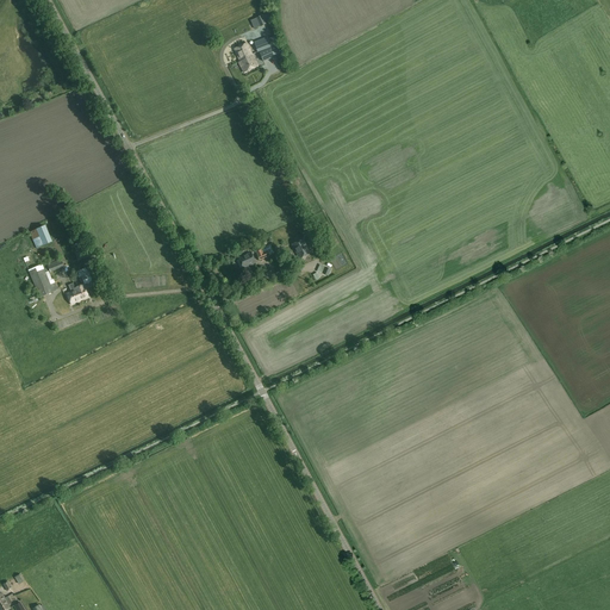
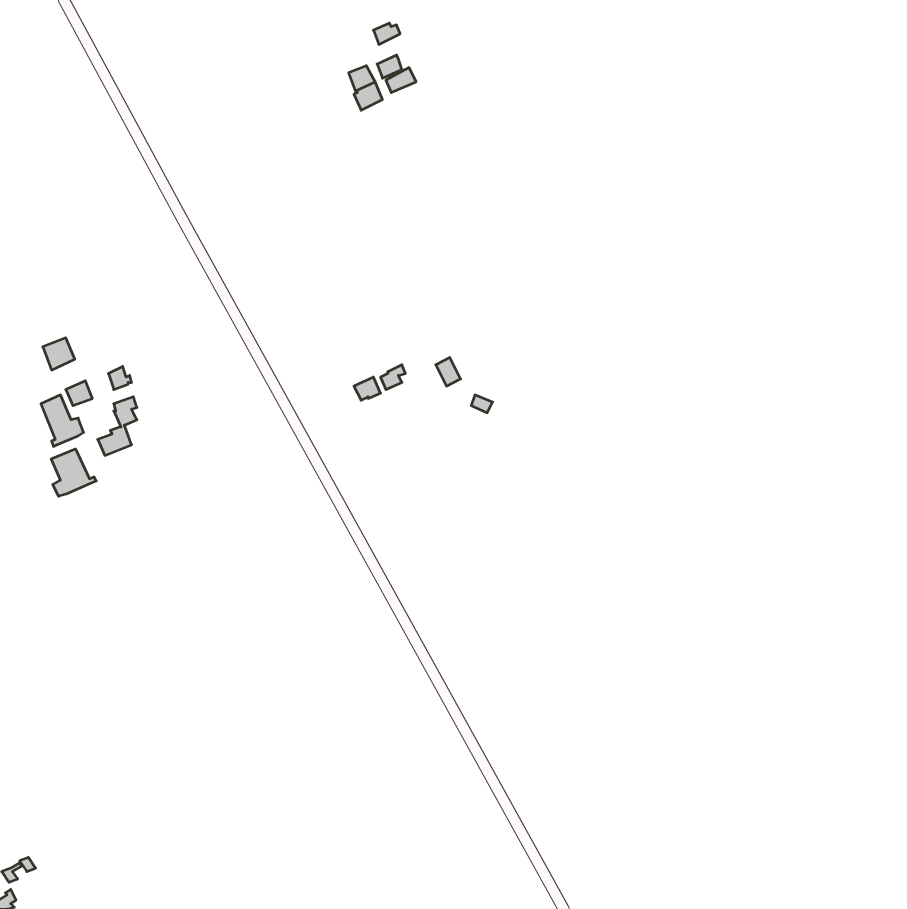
building: none -> [51,449,96,496]

